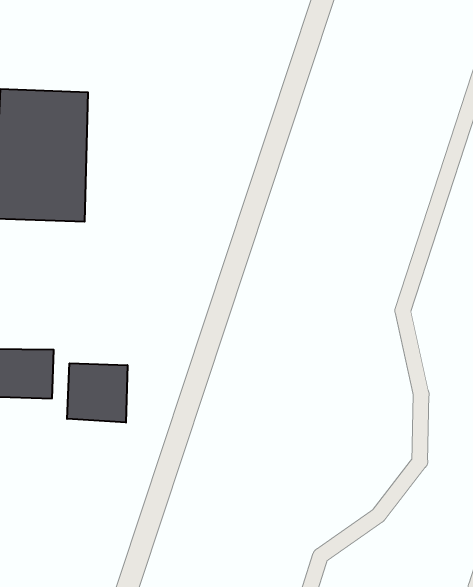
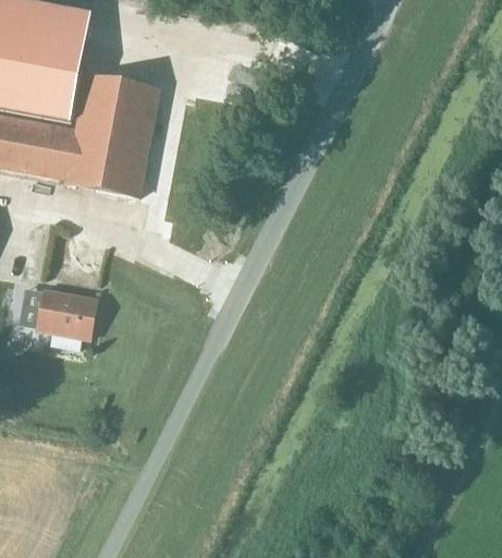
building: [67,363,127,423] -> none

